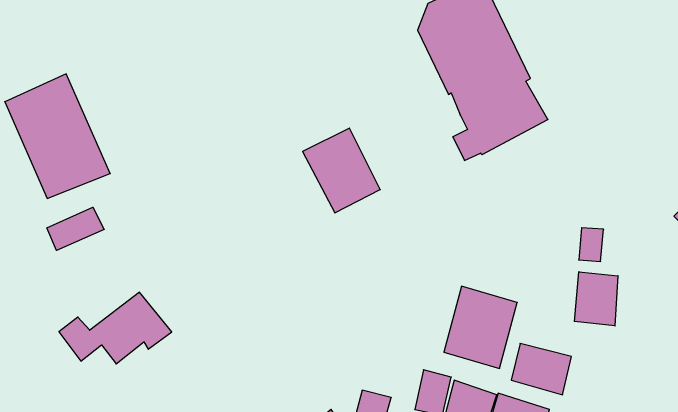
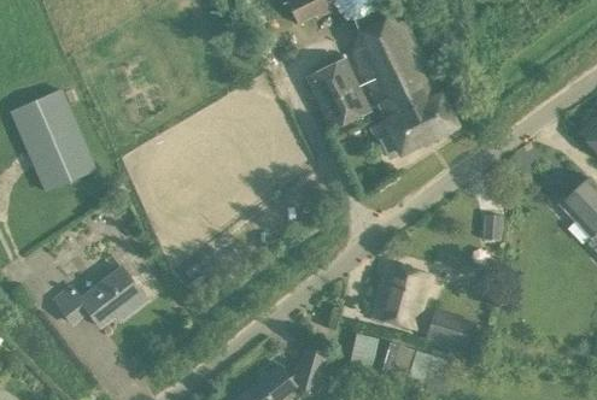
building: [303,128,380,213] -> [306,59,370,129]
building: [47,207,104,250] -> none
building: [574,272,618,326] -> none

